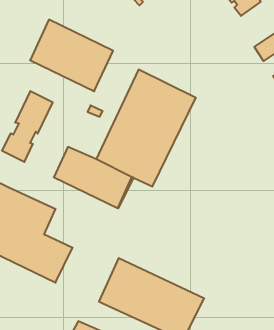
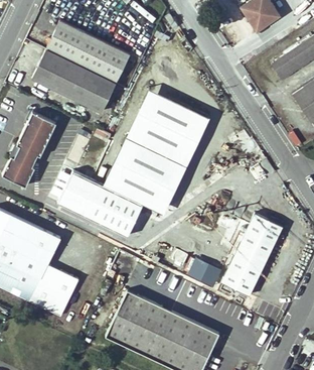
building: none -> [53,22,128,69]
building: none -> [221,212,282,294]
building: none -> [187,256,221,284]

